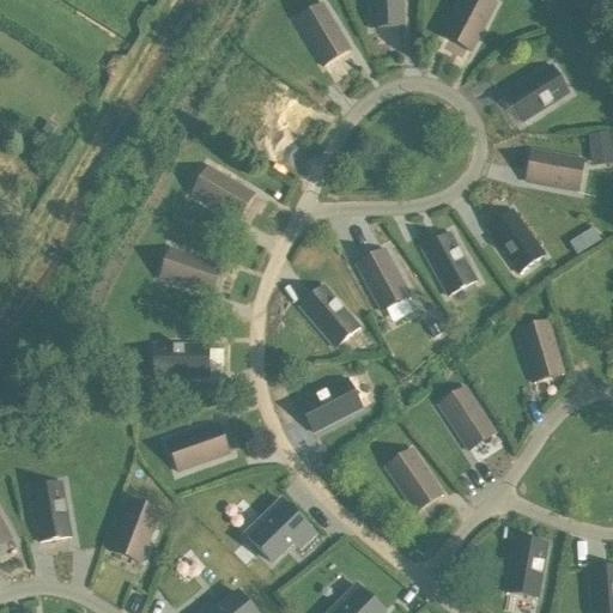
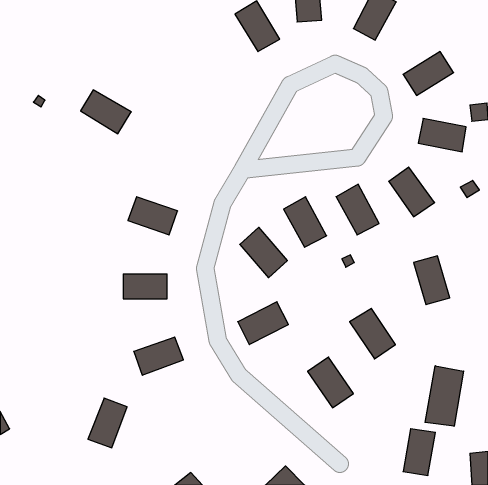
building: [192,165,255,220] -> [81,90,131,134]
building: none -> [425,366,464,426]
building: [31,481,71,541] -> none
building: [245,498,314,560] -> none

